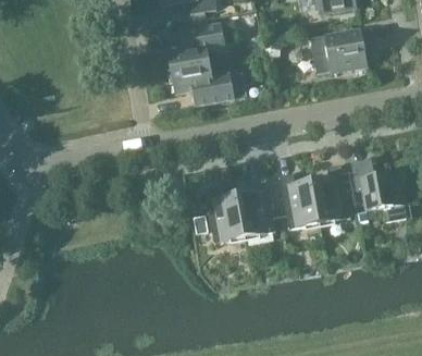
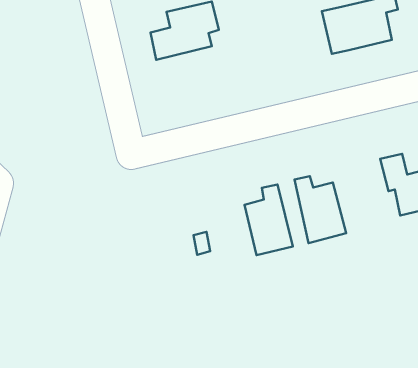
building: [172,61,235,105] -> none
building: [312,164,351,222] -> none
building: [206,187,246,242] -> none

